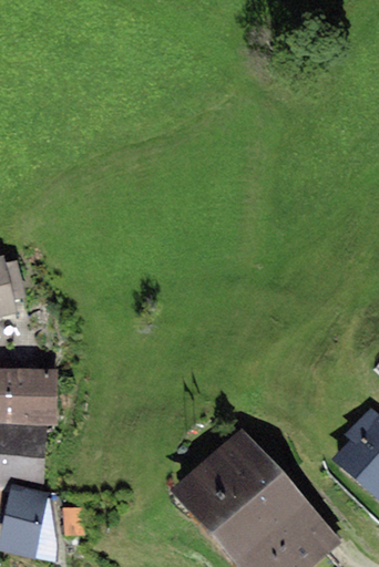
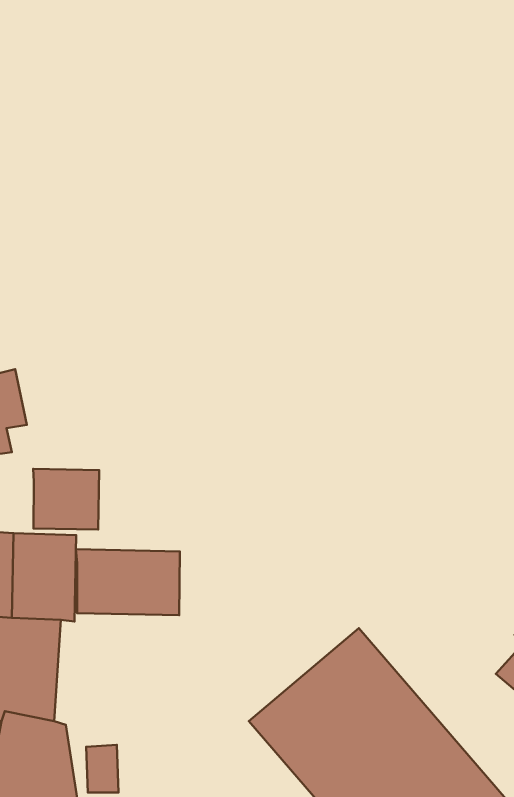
building: none -> [33,469,99,530]
building: none -> [76,549,180,615]

